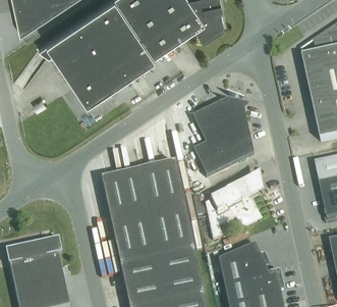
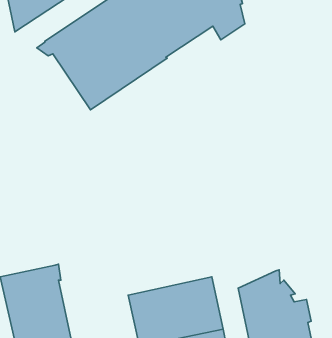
building: [192,95,254,175] -> none
building: [101,162,194,266] -> none
building: [205,177,258,239] -> none

